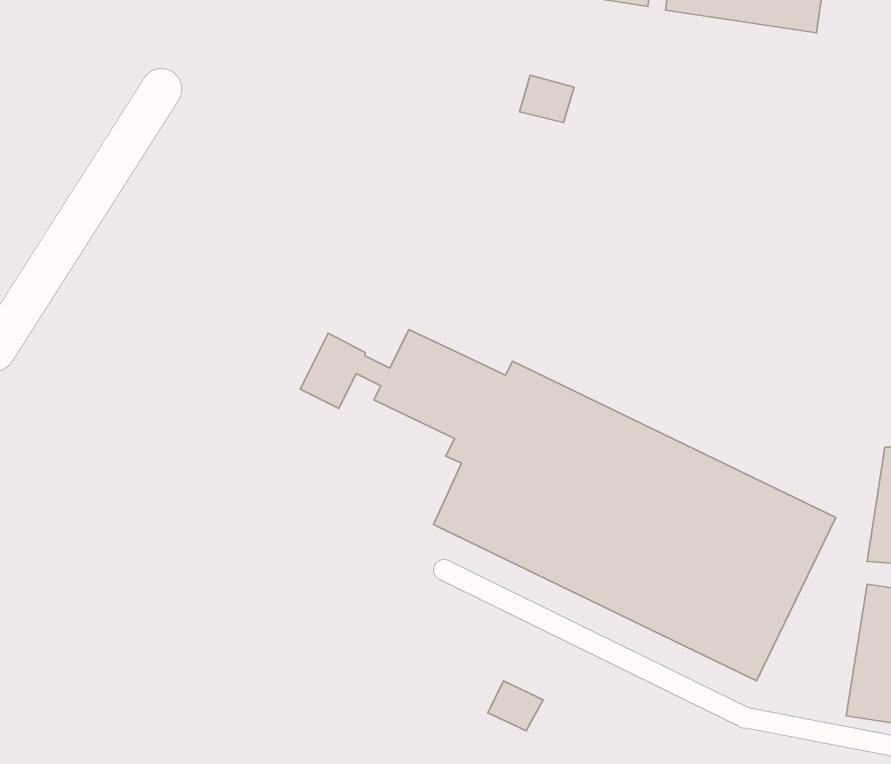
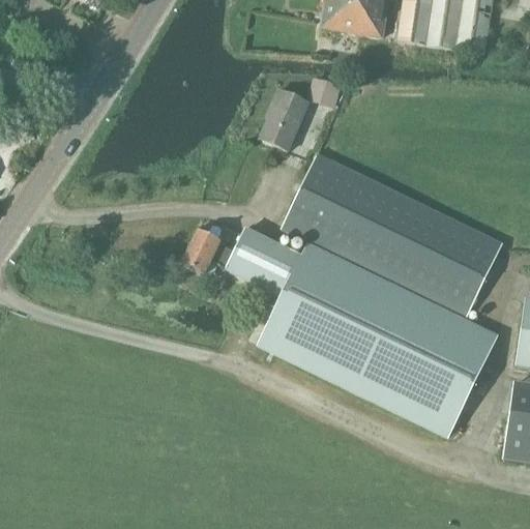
building: none -> [258,89,307,150]
building: none -> [279,152,501,318]
building: [488,681,543,731] -> none

